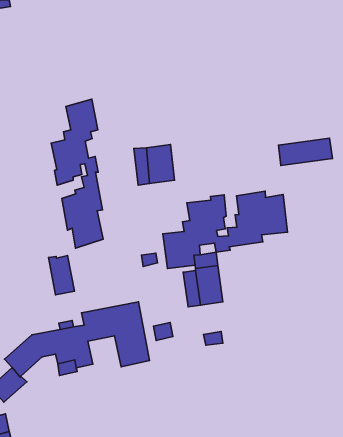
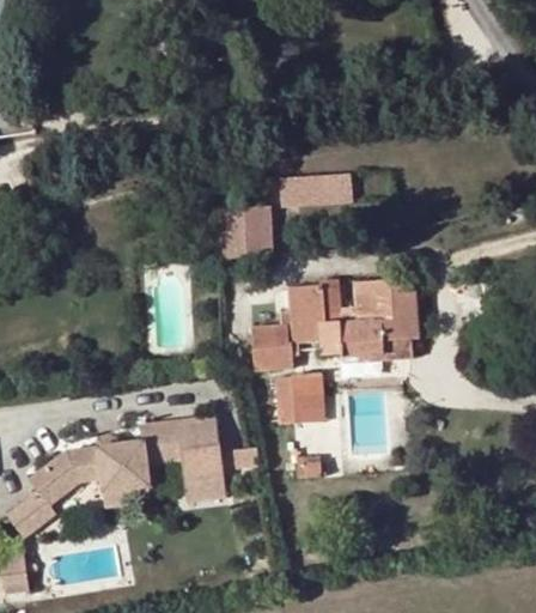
building: [51,99,103,248] -> none
building: [279,138,333,166] -> [281,175,352,207]
building: [48,255,75,295] -> none

